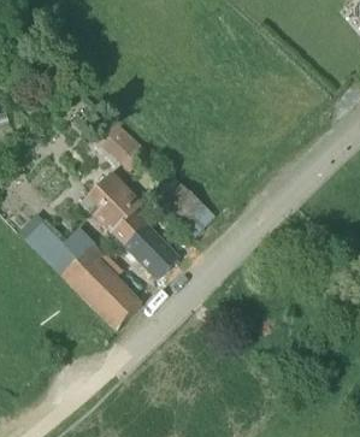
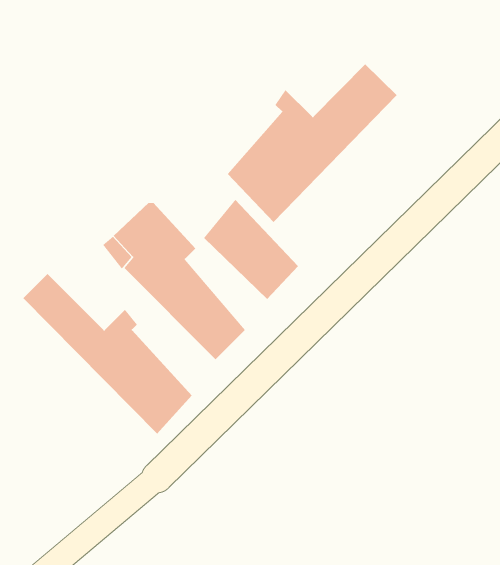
building: none -> [227,63,397,223]
building: [95,119,138,163] -> none

